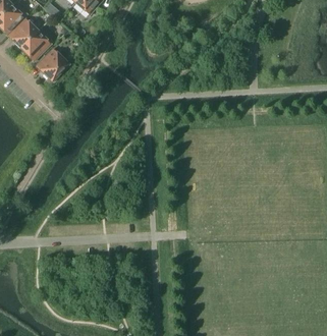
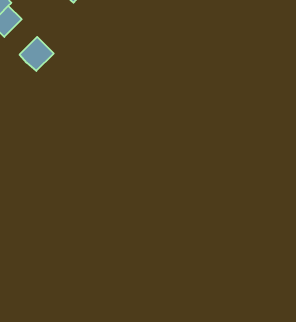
building: [20,30,50,60] -> none

